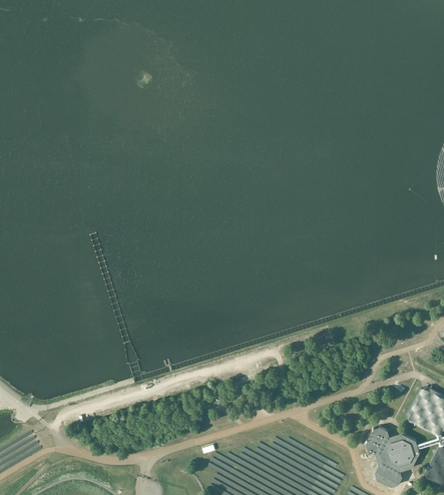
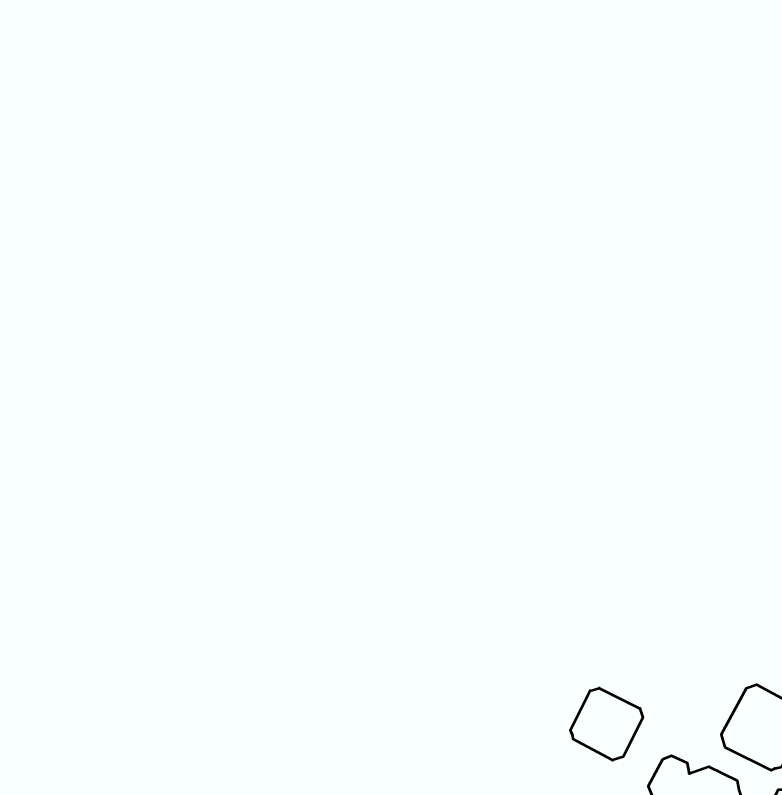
building: none -> [570,688,643,760]

